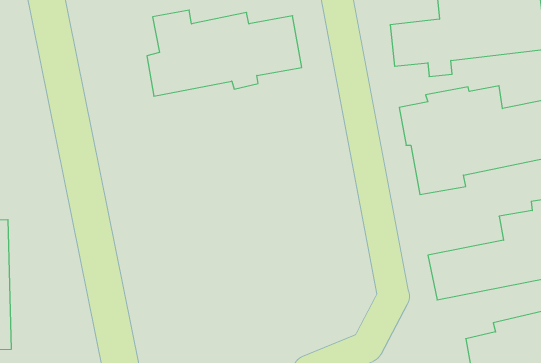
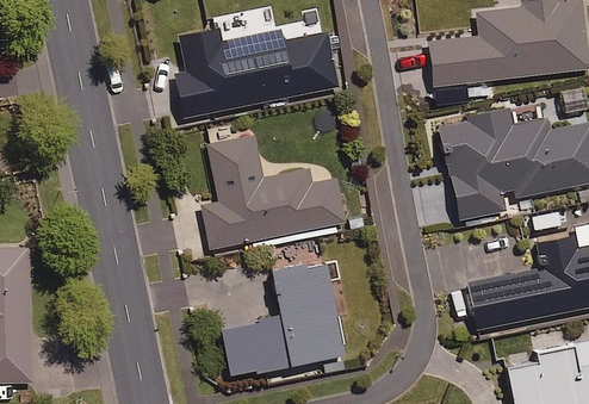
building: none -> [203,136,346,248]
building: none -> [218,265,343,377]

